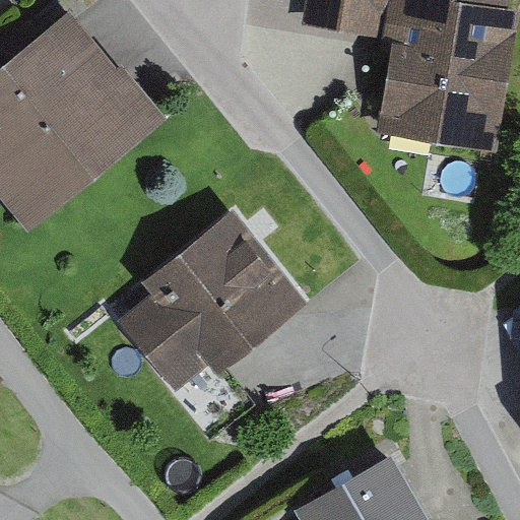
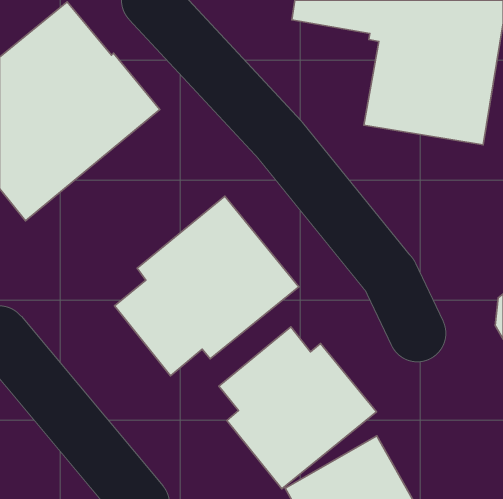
building: none -> [219,327,376,489]

